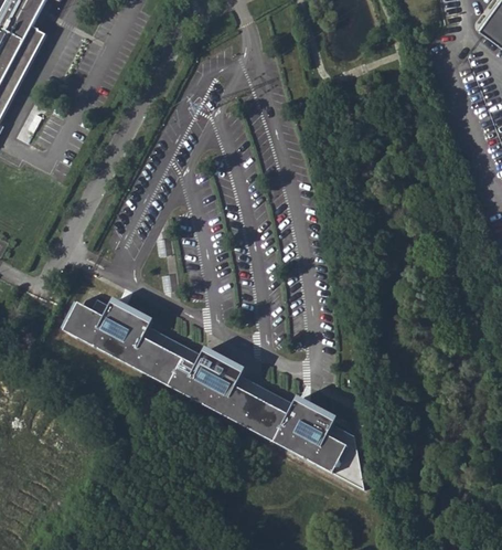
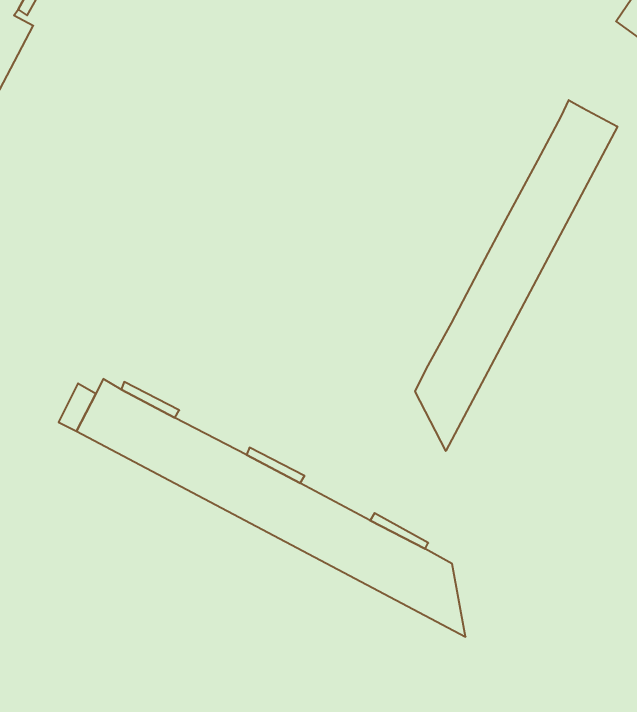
building: none -> [415,100,617,451]

